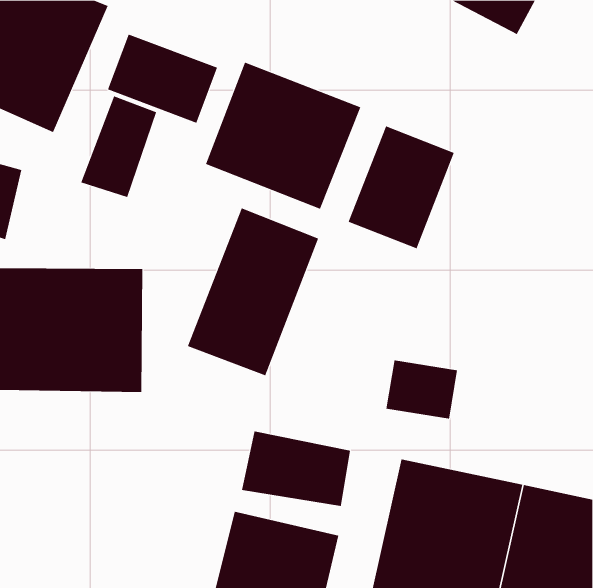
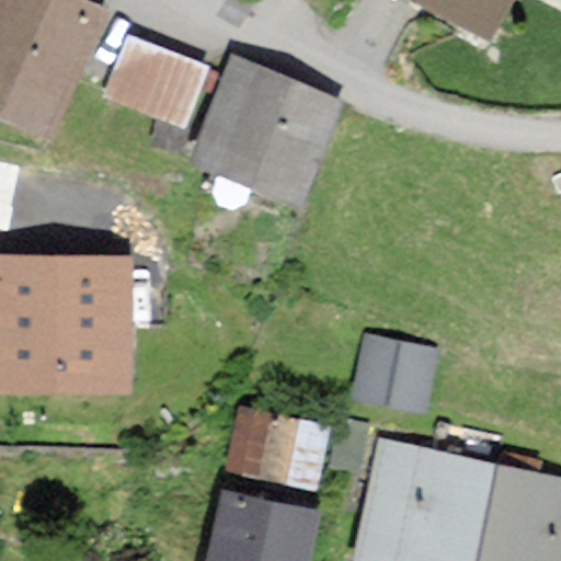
building: [80,95,157,198] -> none
building: [348,125,454,249] -> none
building: [187,208,319,376] -> none

